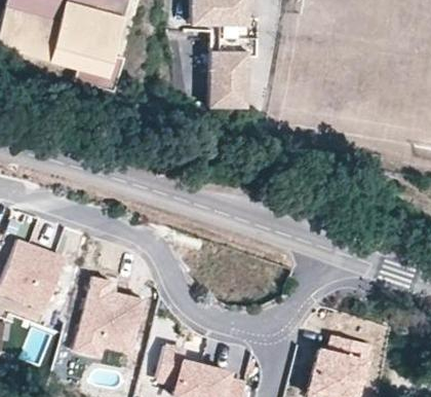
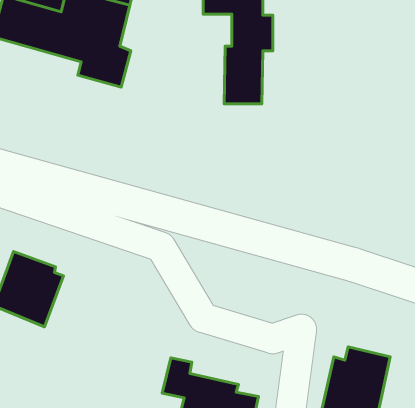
building: [74,276,144,357] -> none

